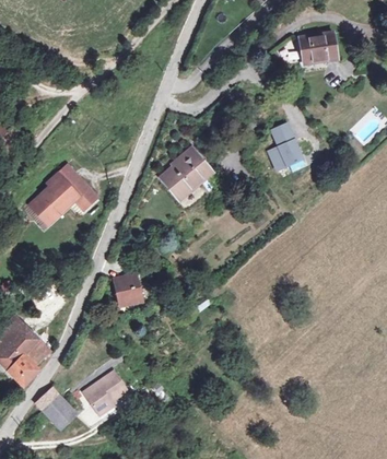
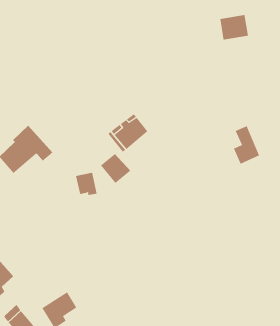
building: [267,121,300,169] -> [233,125,260,165]
building: none -> [100,153,131,184]
building: [116,275,143,304] -> [75,172,97,195]

